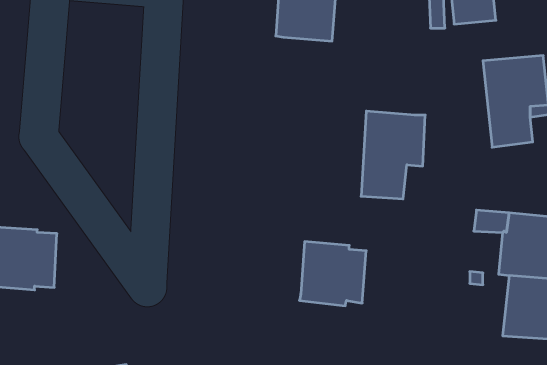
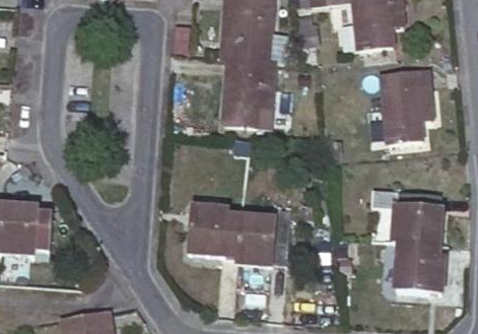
building: [361,111,425,199] -> [224,57,274,125]
building: none -> [190,205,245,256]

